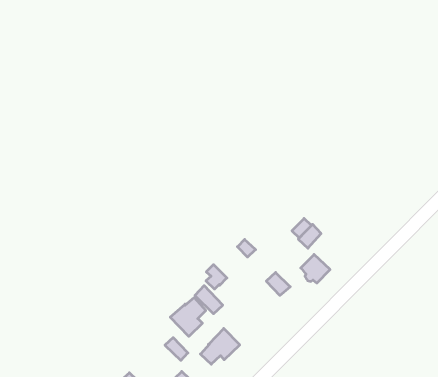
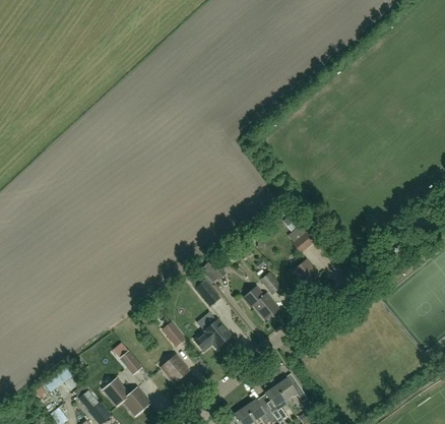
building: none -> [243,287,278,319]
building: [170,298,206,336] -> none

